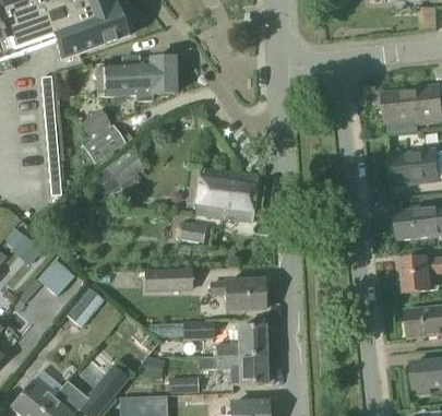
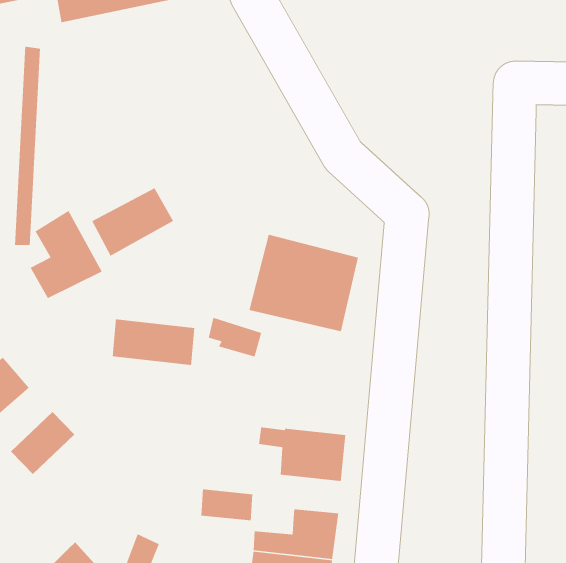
building: [96,56,175,99] -> none
building: [83,106,127,161] -> [30,210,103,299]
building: [143,269,192,293] -> [112,319,195,366]

